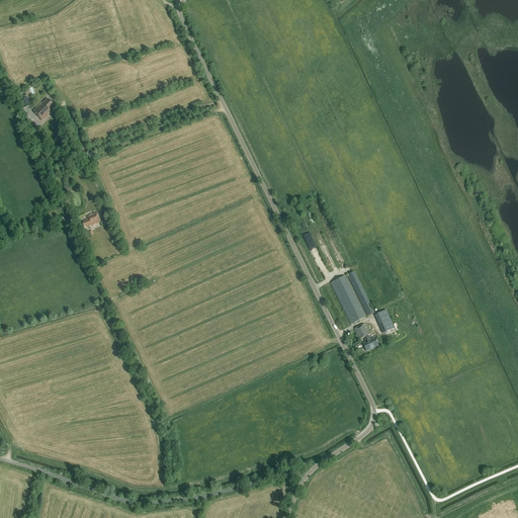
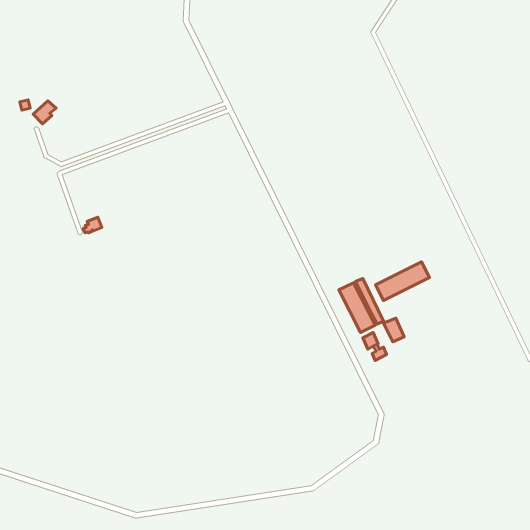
building: none -> [375,262,429,301]

